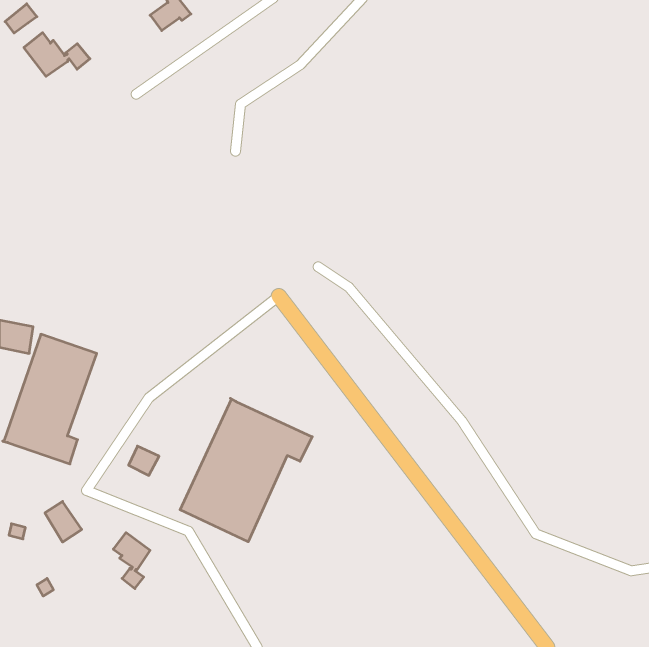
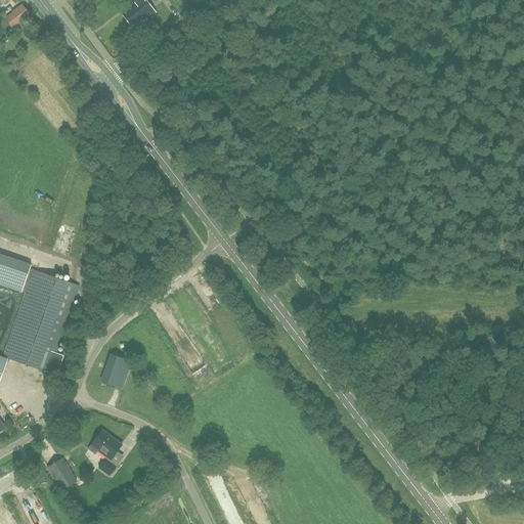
building: [24,33,90,76] -> none
building: [180,398,312,542] -> none
building: [45,501,82,542] -> [46,456,76,489]

